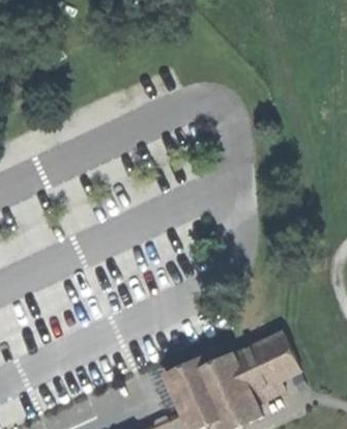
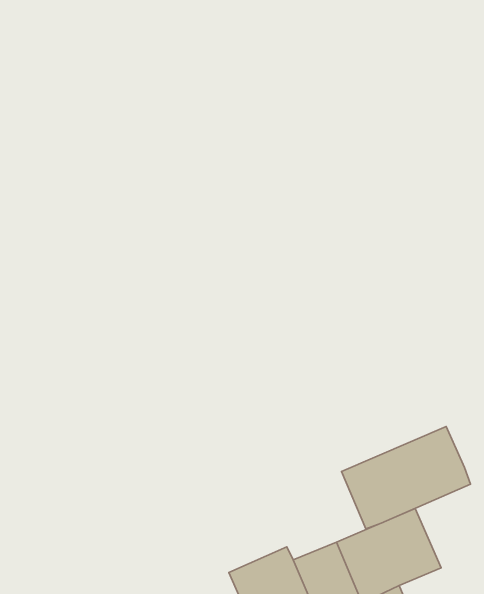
building: none -> [342,427,471,529]

